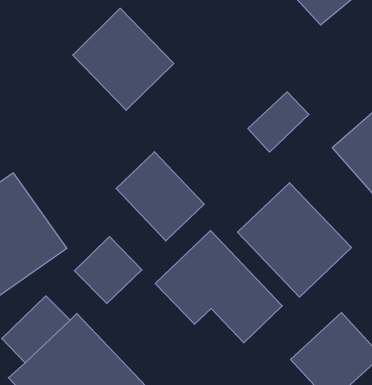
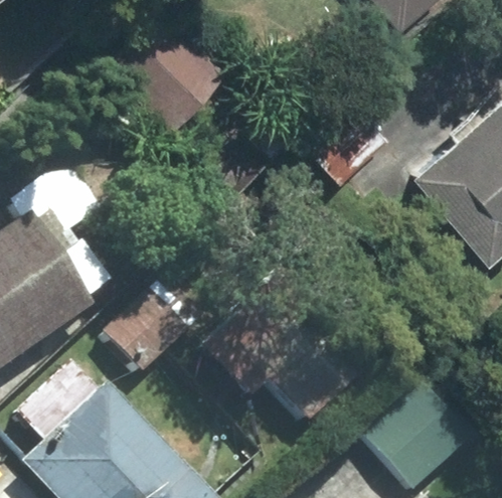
building: [116,152,204,241] -> none
building: [238,183,351,297] -> none

